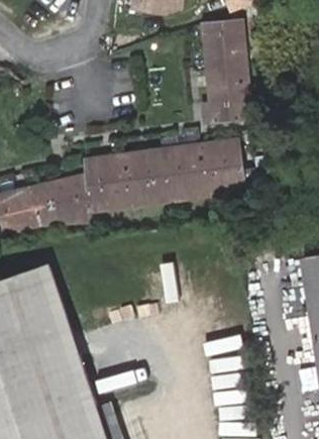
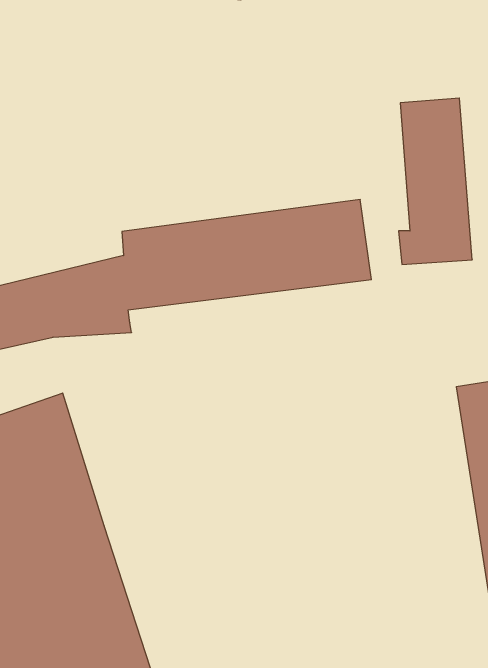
building: [202,19,248,124] -> [399,98,472,264]

